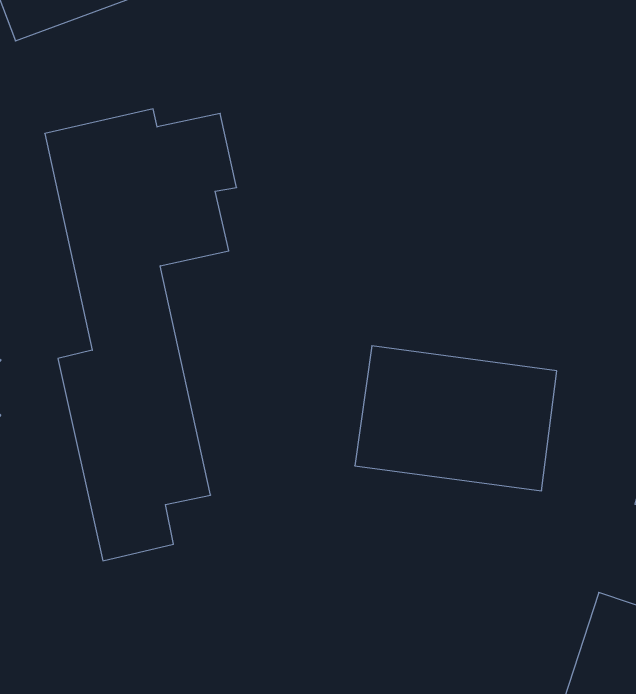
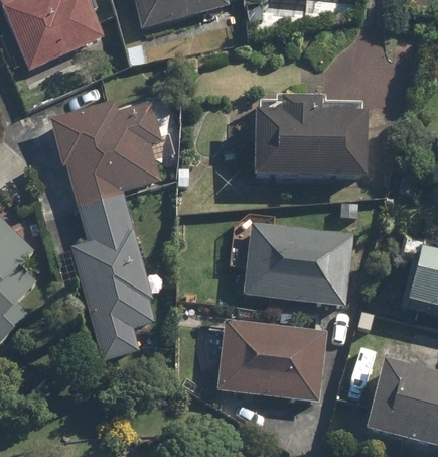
building: none -> [252,92,368,179]
building: none -> [218,322,324,397]

